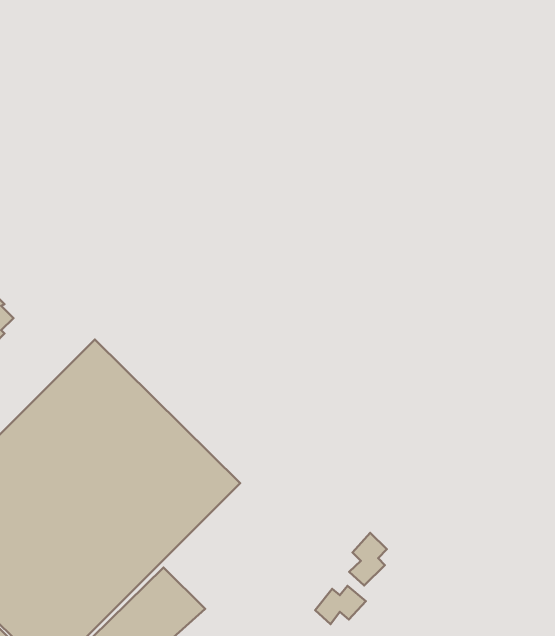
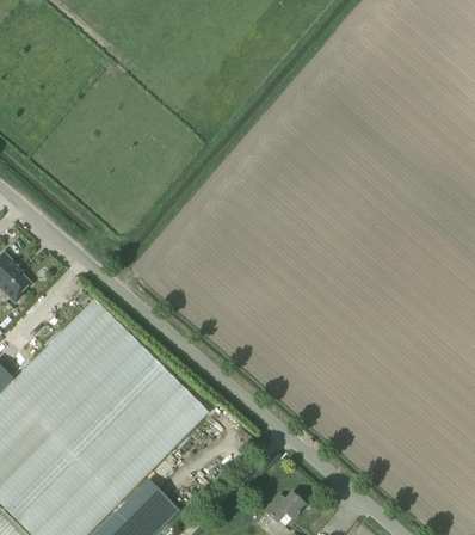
building: [349,533,387,585] -> none

